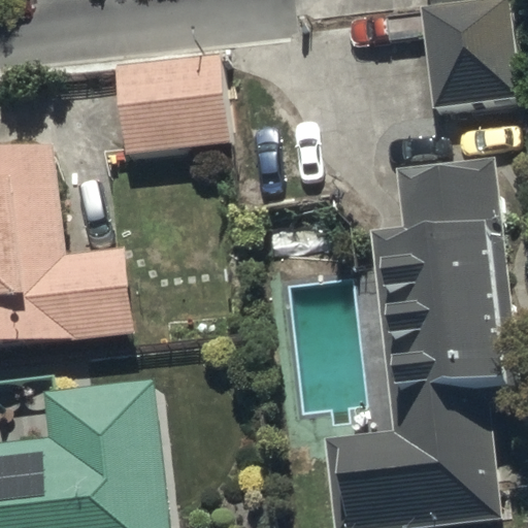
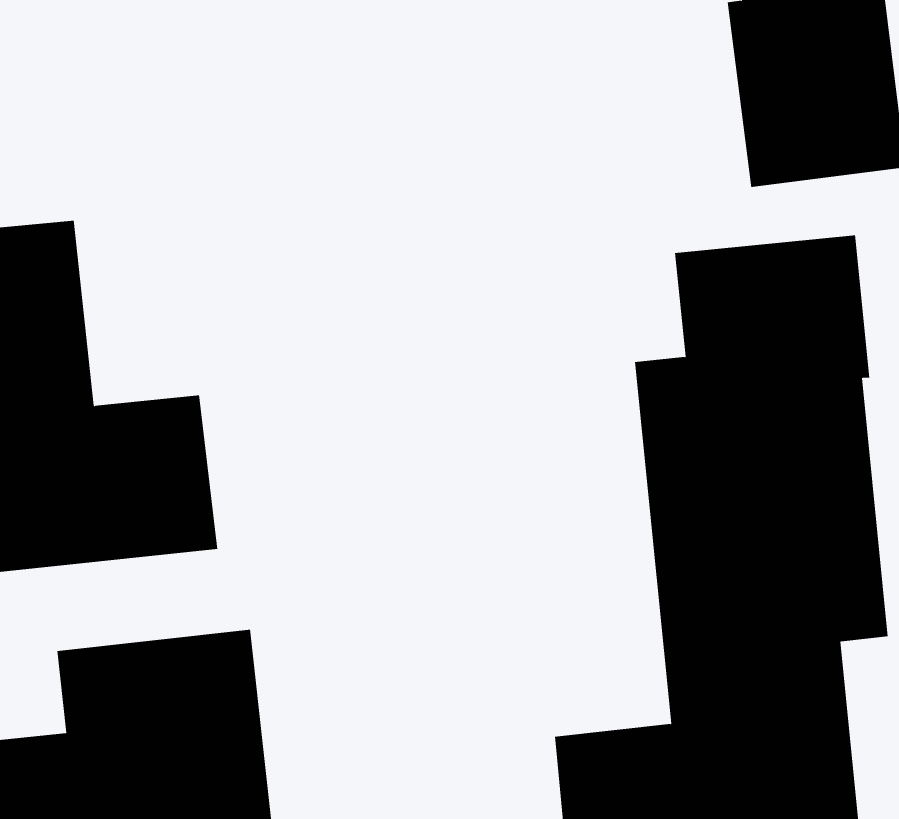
building: [111,52,230,154] -> none

